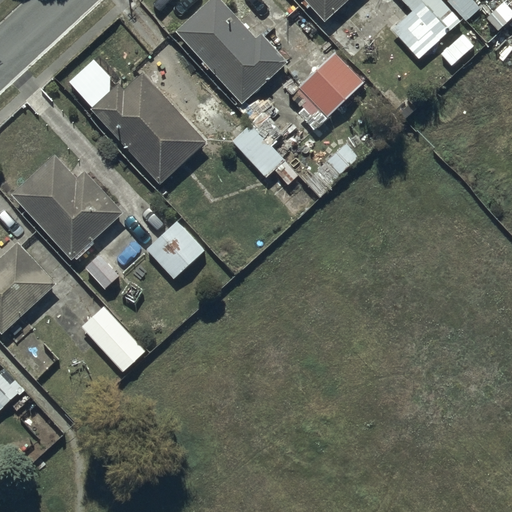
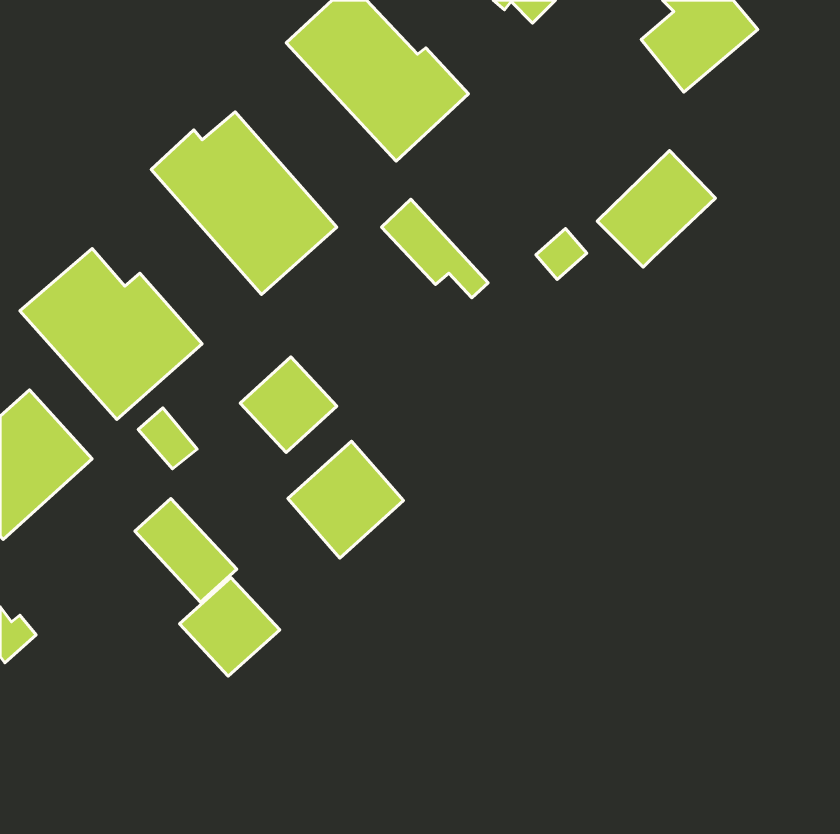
building: [294,56,366,127] -> [597,151,715,267]
building: none -> [288,441,403,558]
building: none -> [179,577,280,676]

